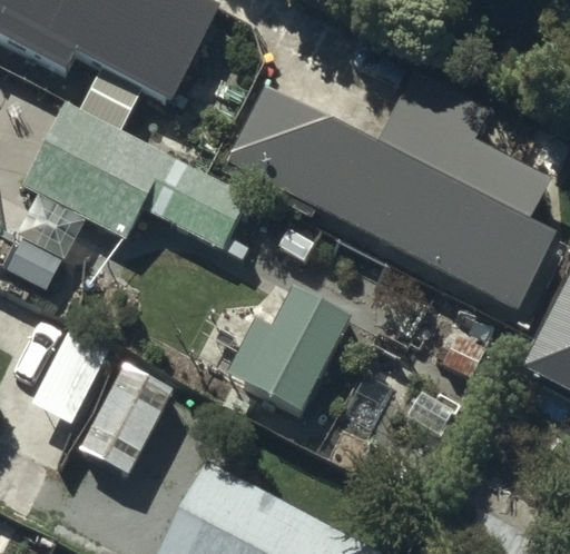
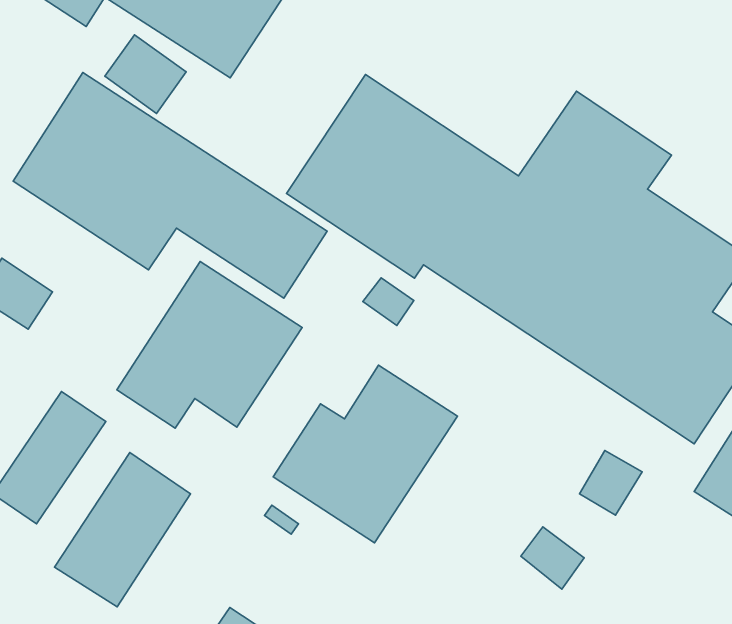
building: none -> [117,262,302,428]

